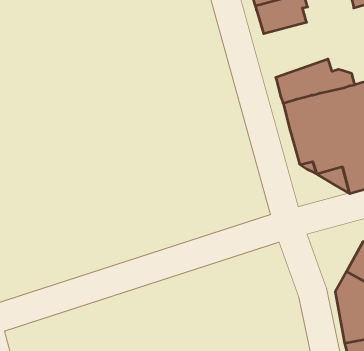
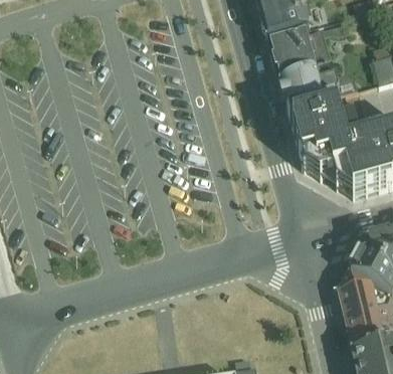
building: none -> [270,25,349,85]

